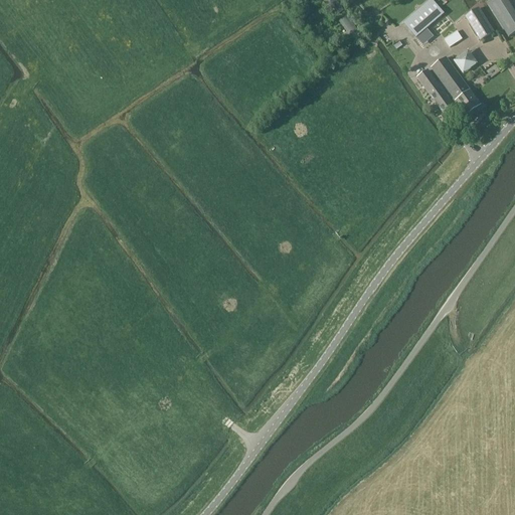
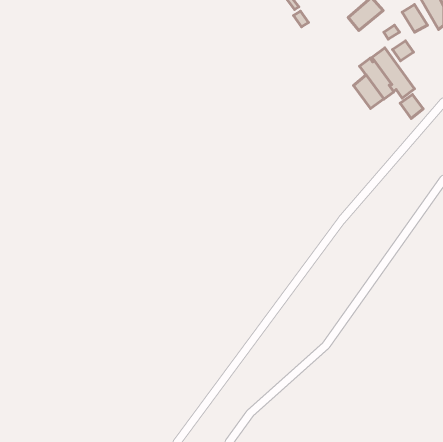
building: none -> [354,75,384,108]
building: none -> [400,94,423,118]

